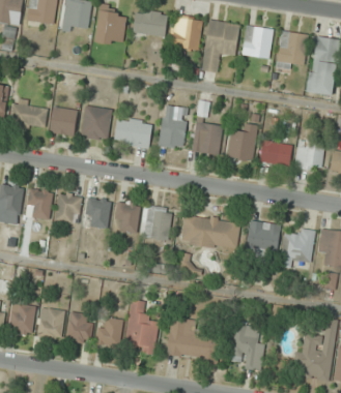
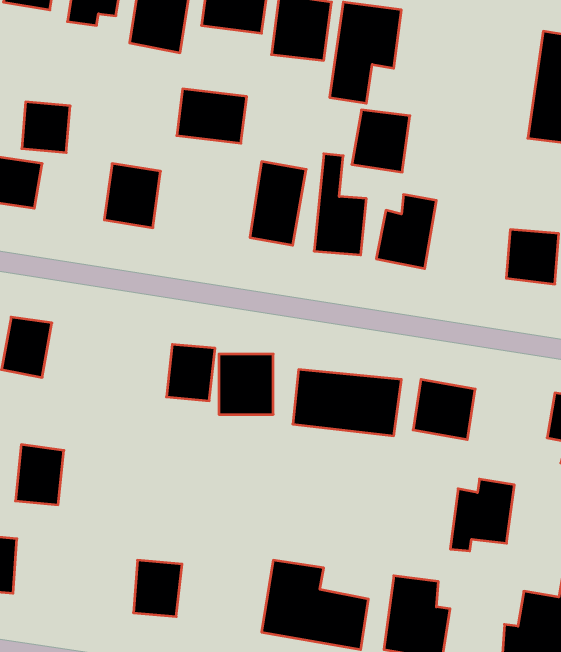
building: [241,25,273,58] -> [352,110,410,172]
building: [275,30,309,70] -> none
building: [50,108,76,134] -> [22,102,70,153]
building: [114,118,151,147] -> [177,89,247,143]
building: [259,141,291,165] -> none
building: [55,192,81,223] -> none
building: [83,195,112,230] -> none
building: [280,228,314,266] -> [450,479,514,551]
building: [124,300,159,355] -> none
building: [37,307,63,339] -> [15,445,64,505]
building: [66,312,93,343] -> none

